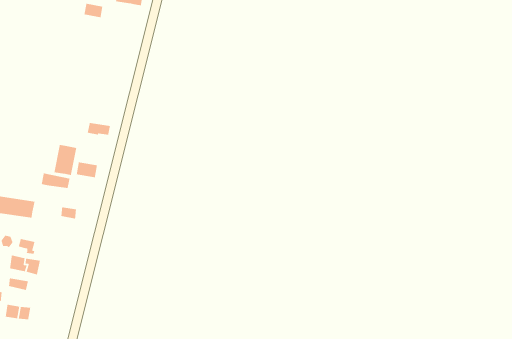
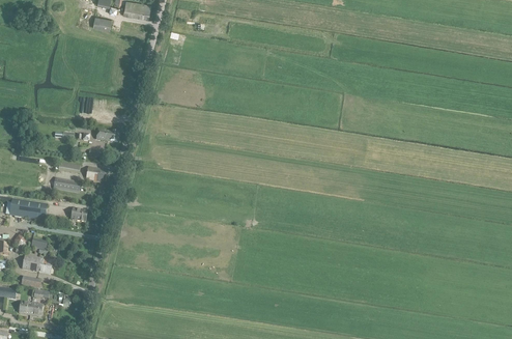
building: [53,144,77,176] -> none

